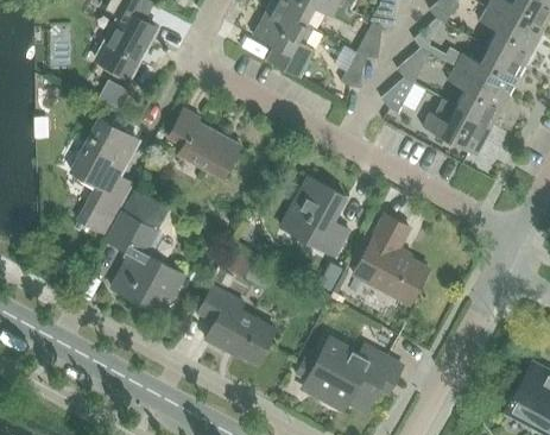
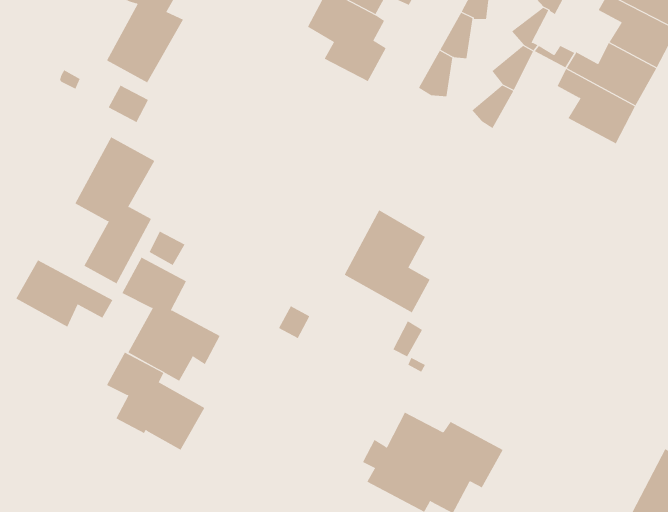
building: [422,97,493,156] -> none
building: [167,109,239,178] -> none
building: [352,214,428,304] -> none
building: none -> [16,259,113,327]
building: [198,286,276,364] -> [106,352,205,451]

